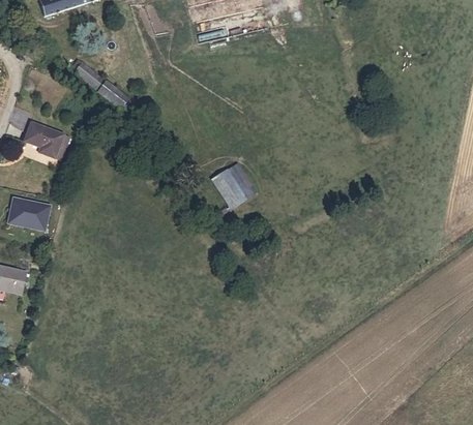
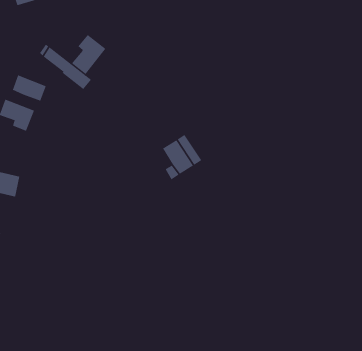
building: none -> [71,34,106,75]
building: none -> [12,75,46,101]

